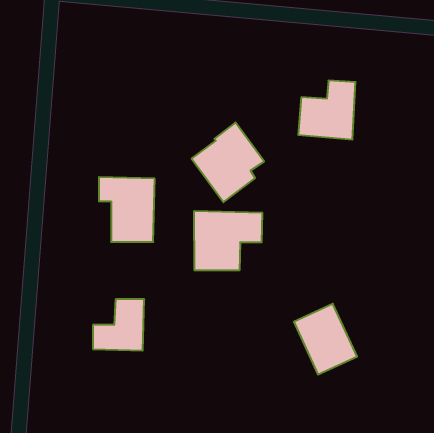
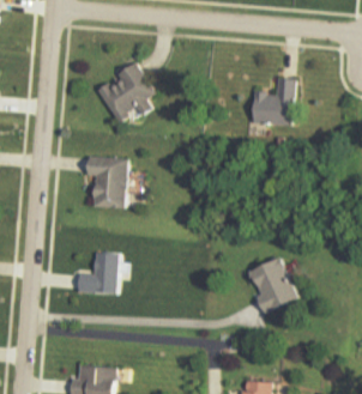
building: [192,122,264,202] -> [98,62,156,126]
building: [194,211,262,270] -> none

